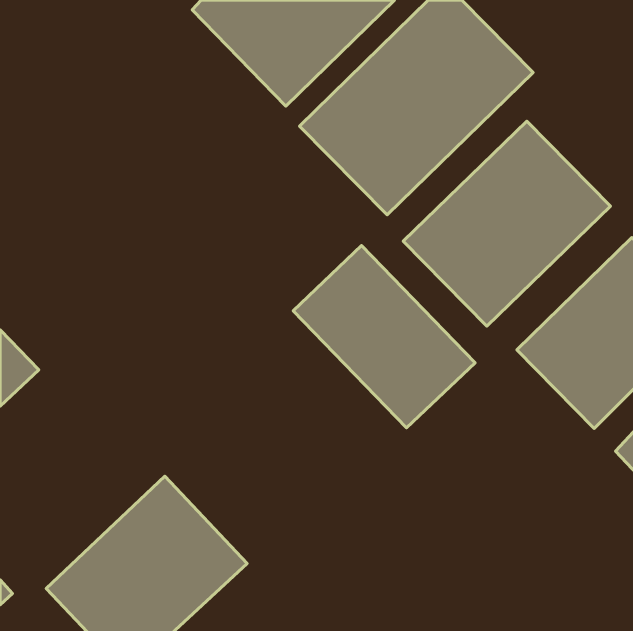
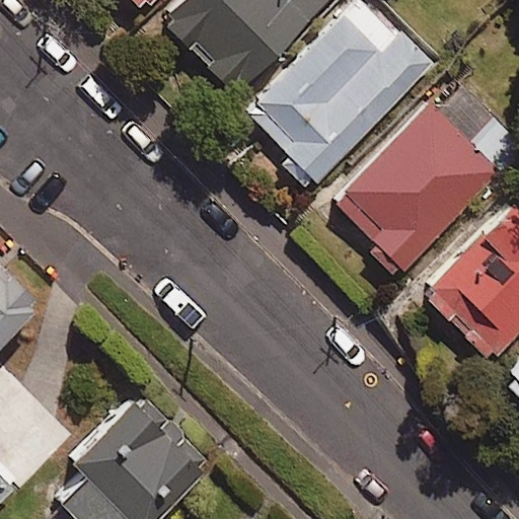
building: [293,246,475,428] -> none

